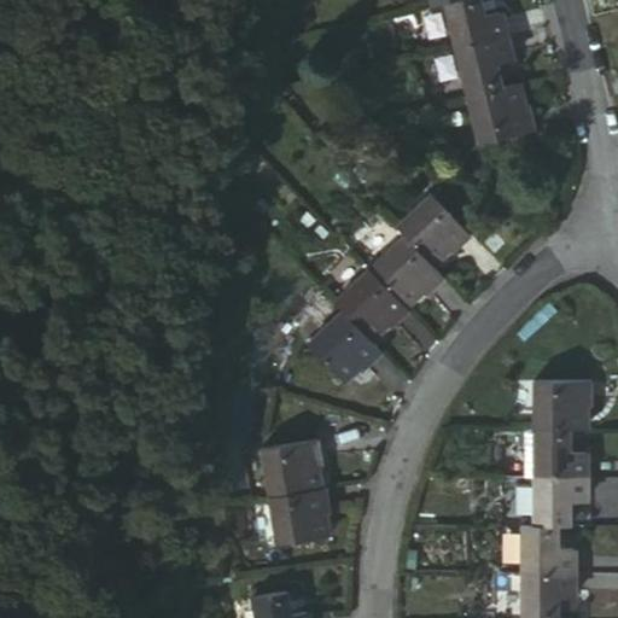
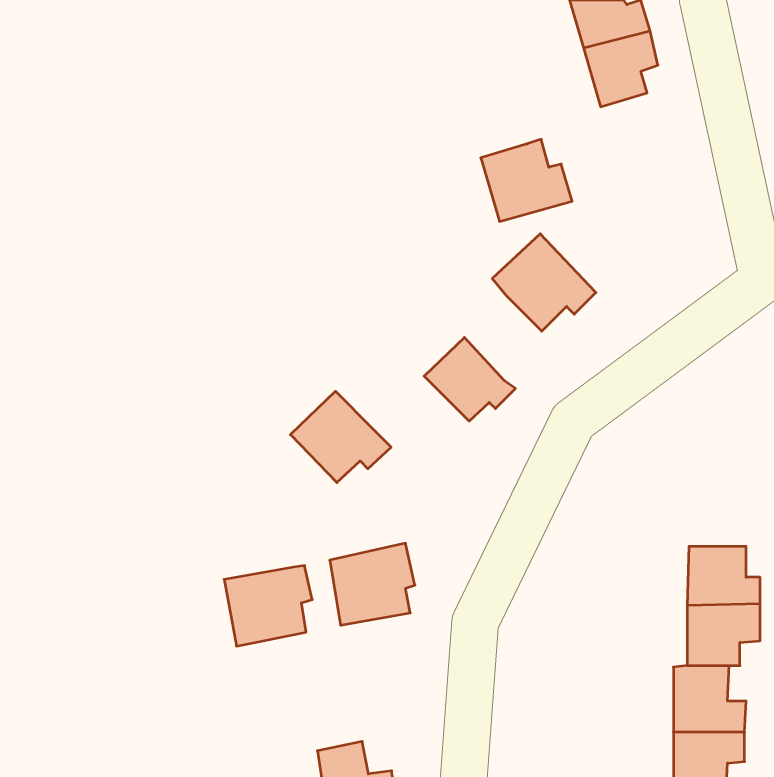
building: [468,80,540,144] -> [481,139,572,221]
building: [362,241,433,308] -> none
building: [302,310,380,381] -> [290,391,391,483]
building: [537,385,597,437] -> none
building: [266,488,334,550] -> [224,566,312,646]

